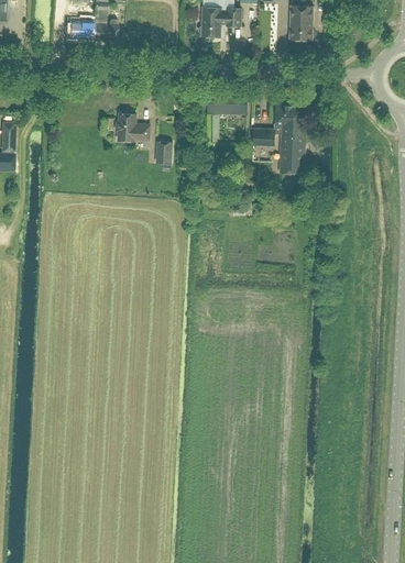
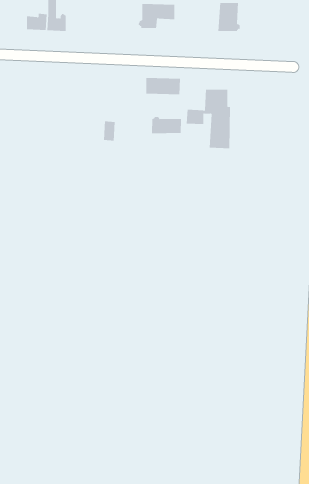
building: [114,111,150,142] -> none
building: none -> [151,116,181,134]

